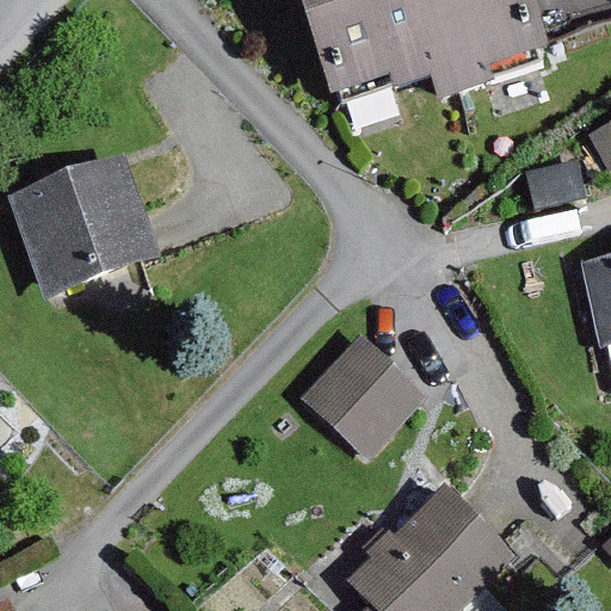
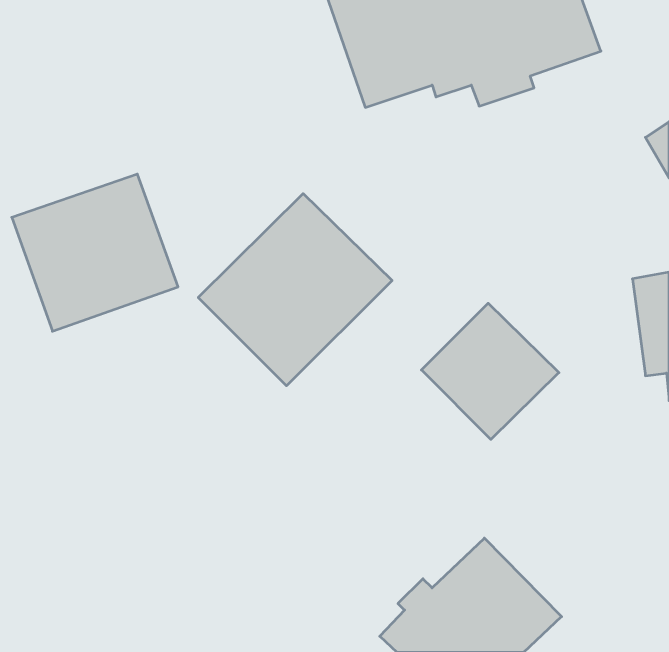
building: none -> [198,194,392,386]
building: [301,331,426,455] -> [421,303,559,439]

